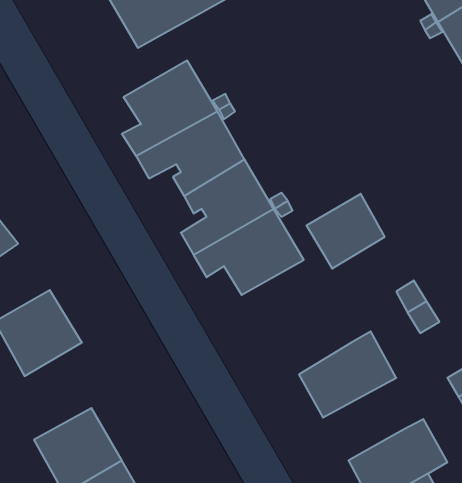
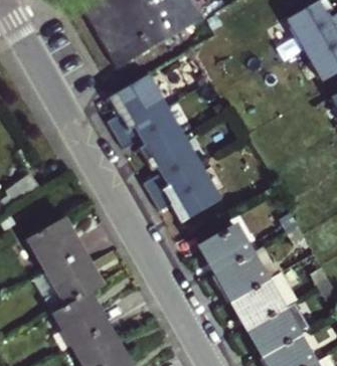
building: [306,194,385,269] -> [202,224,251,271]
building: none -> [43,251,102,313]
building: none -> [233,272,297,326]

